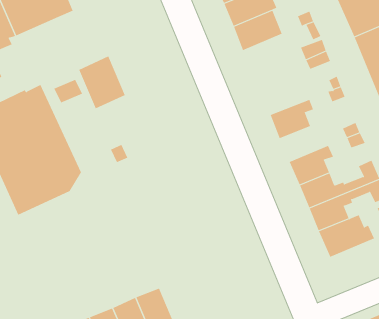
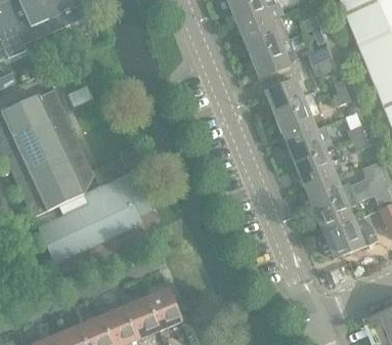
building: none -> [250,39,297,78]
building: [78,56,125,109] -> none
building: none -> [265,79,315,118]
building: none -> [286,126,334,164]
building: none -> [37,169,153,263]

